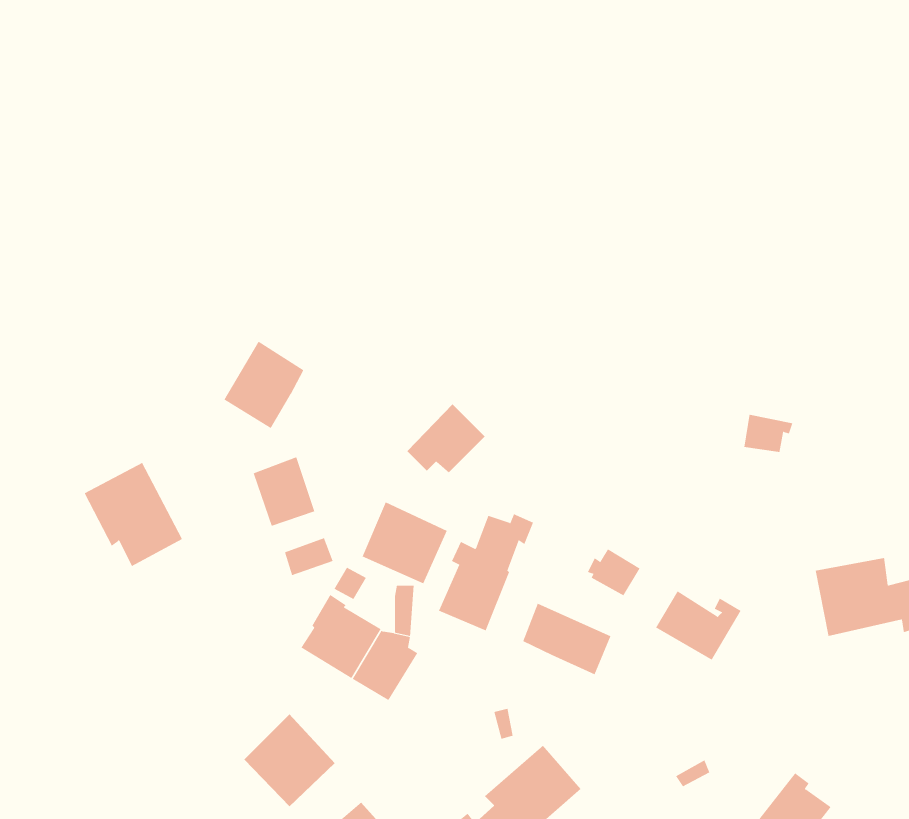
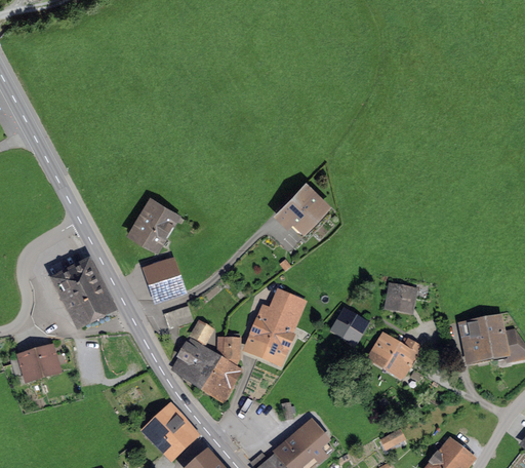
building: [407,403,486,473] -> [279,187,323,226]
building: [743,414,793,453] -> [389,287,416,309]
building: [362,501,447,584] -> none
building: [522,603,611,675] -> none
building: none -> [10,347,59,378]

